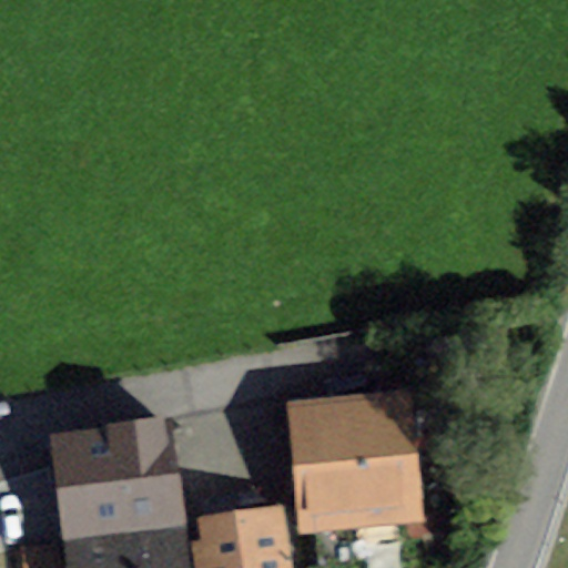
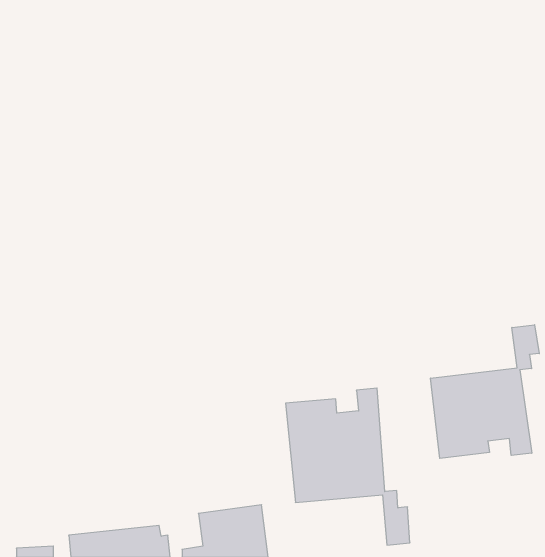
building: none -> [431,325,539,458]
building: [57,428,168,538] -> none

